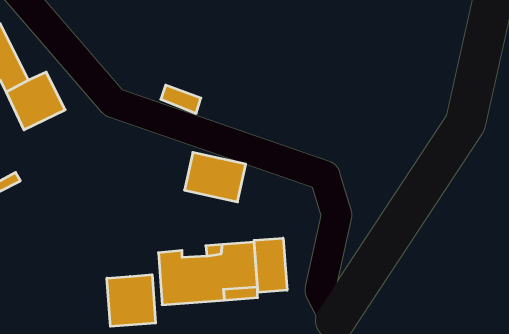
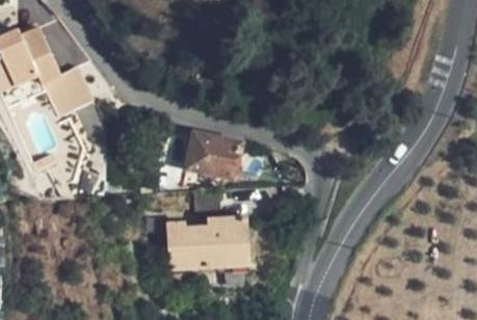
building: [254,238,287,292] -> none
building: [107,275,156,326] -> none

